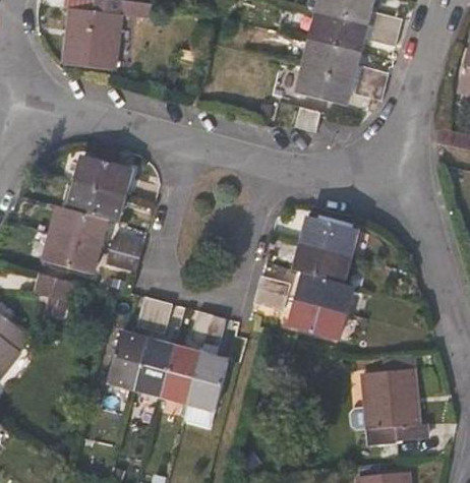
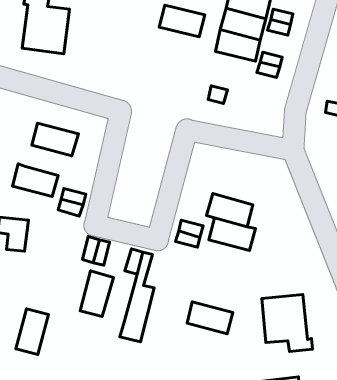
building: [297,65,354,105] -> [159,5,205,37]
building: [67,182,125,222] -> none
building: [301,216,358,256] -> none
building: [44,233,101,274] -> none
building: [290,300,347,340] -> [187,302,233,334]
building: [108,331,149,388] -> [16,309,49,354]
building: [163,347,203,403] -> none

